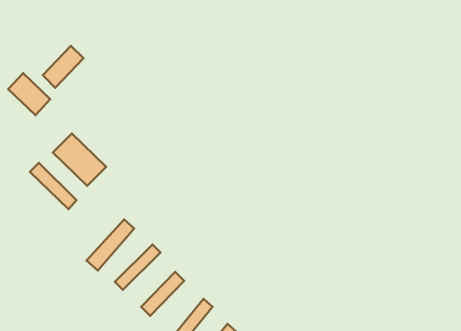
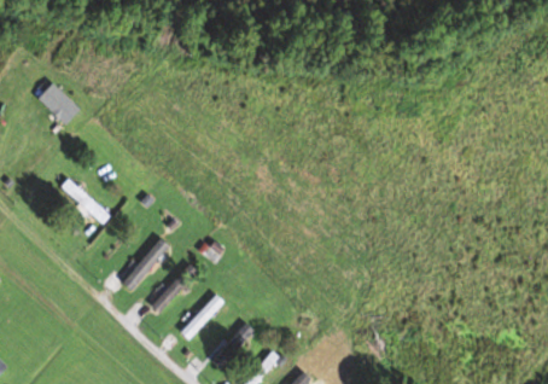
building: [43,46,83,88] -> none
building: [53,134,106,186] -> none

